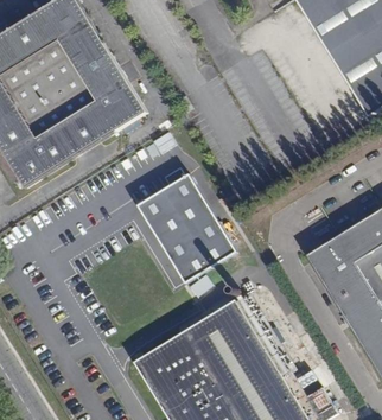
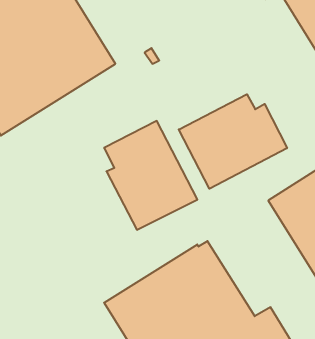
building: none -> [179,94,287,189]

